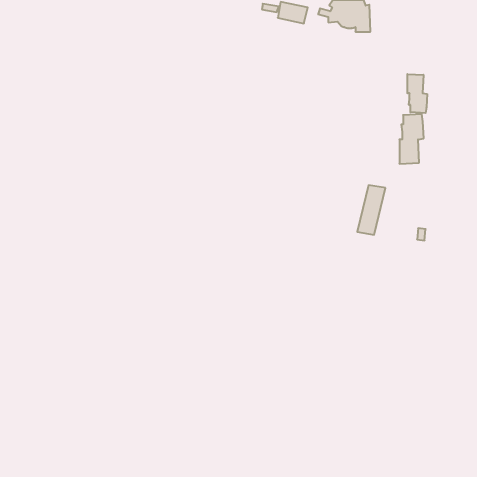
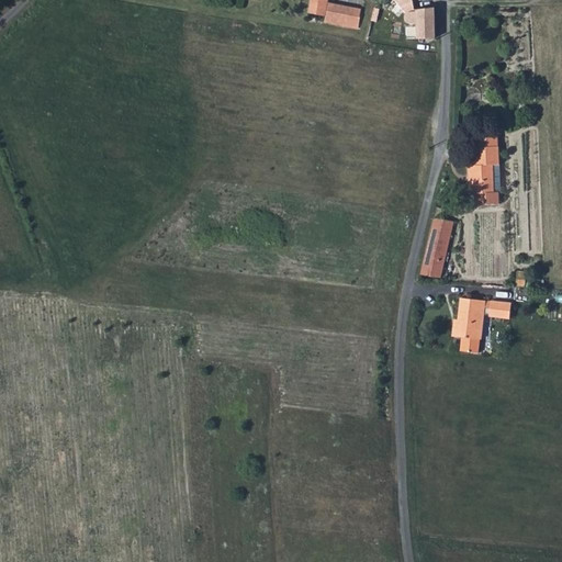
building: [407,74,427,113] -> none
building: none -> [451,297,510,351]

